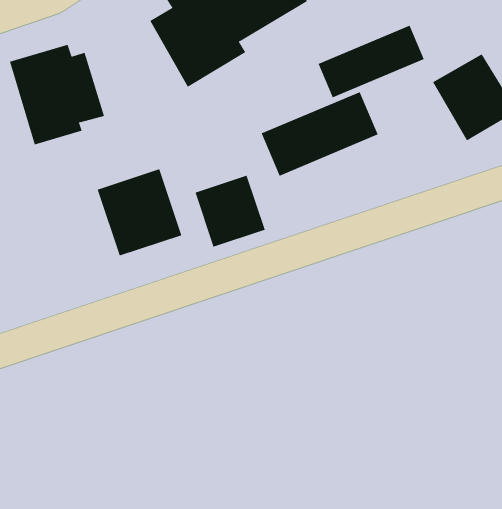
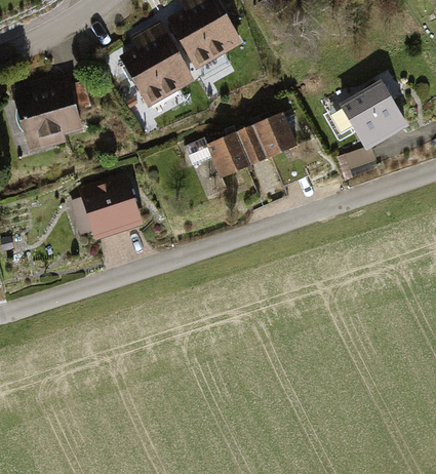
building: [318,25,424,98] -> none
building: [195,175,265,247] -> none

